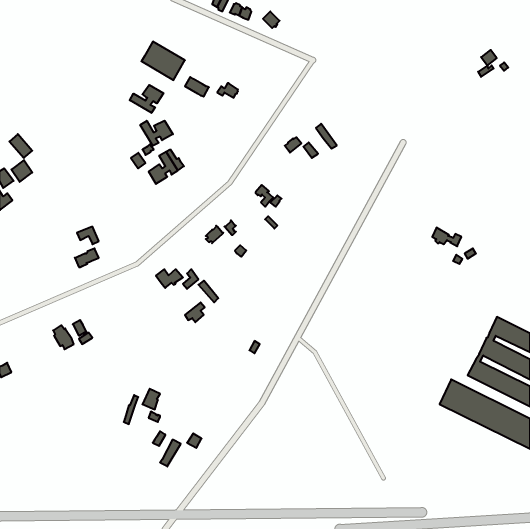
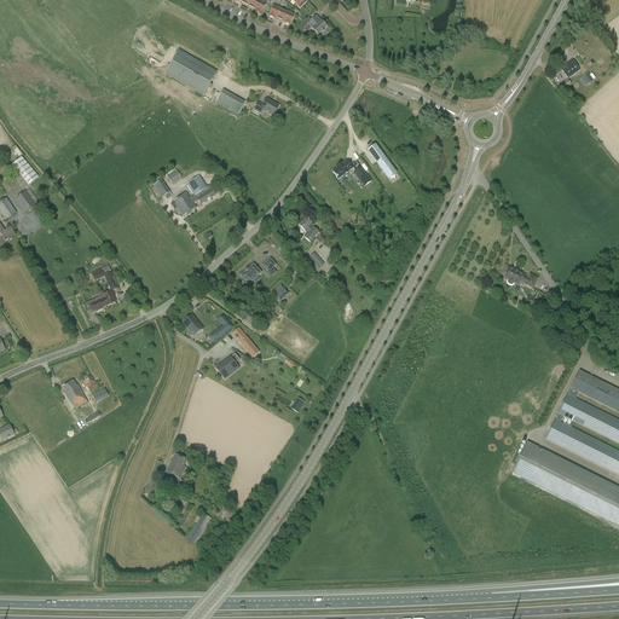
building: [130,85,163,113] -> none
building: [140,121,173,146] -> none

